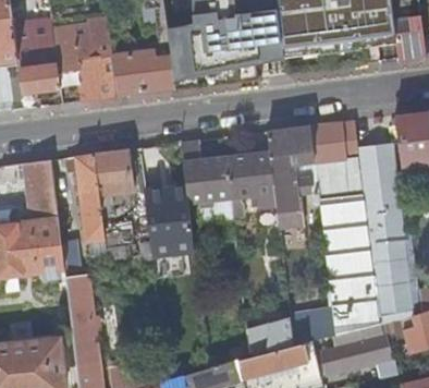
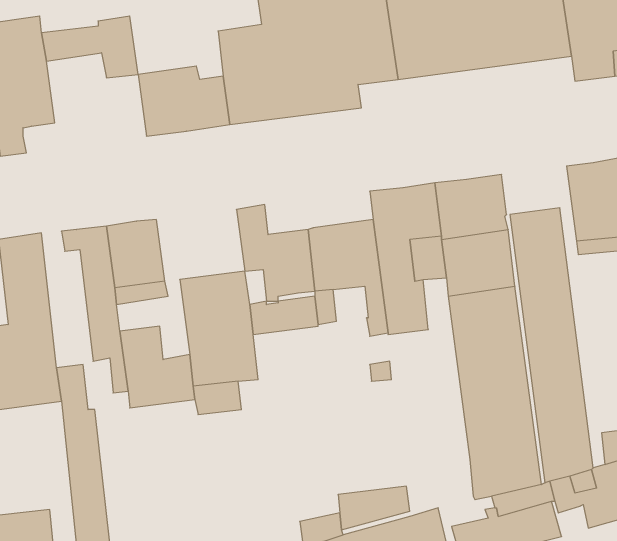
building: [56,41,121,104] -> none
building: [290,307,334,341] -> none

